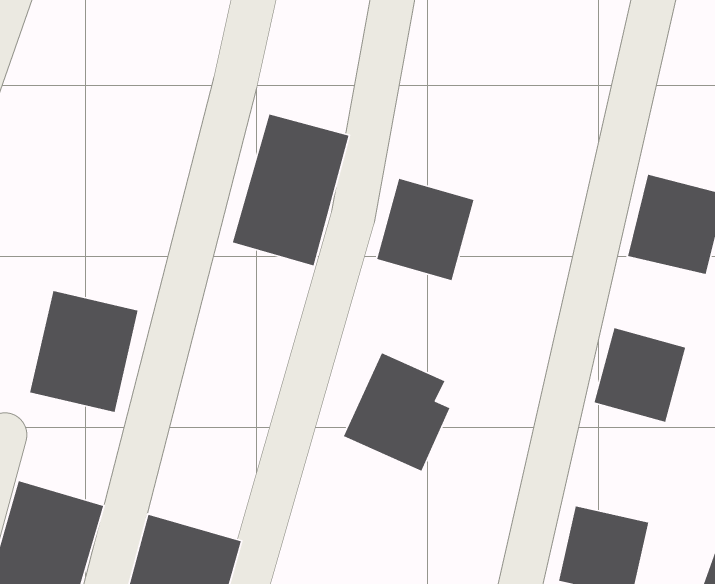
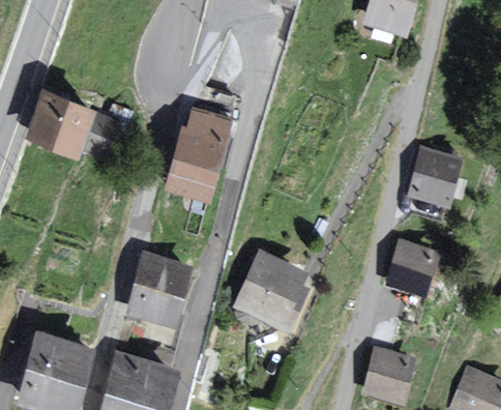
building: none -> [30,86,102,154]
building: [376,178,475,281] -> none
building: [29,290,139,413] -> [127,253,195,328]

